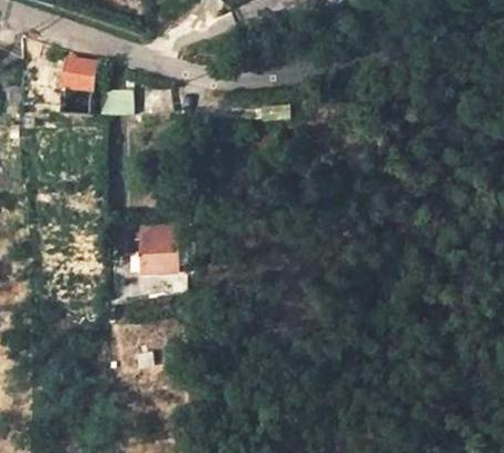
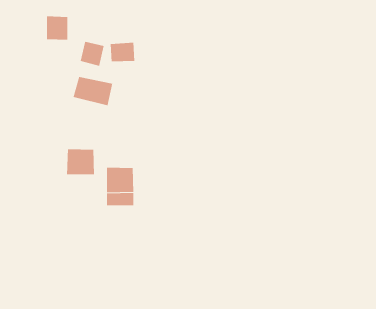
building: none -> [73,76,113,106]
building: none -> [66,148,95,175]

